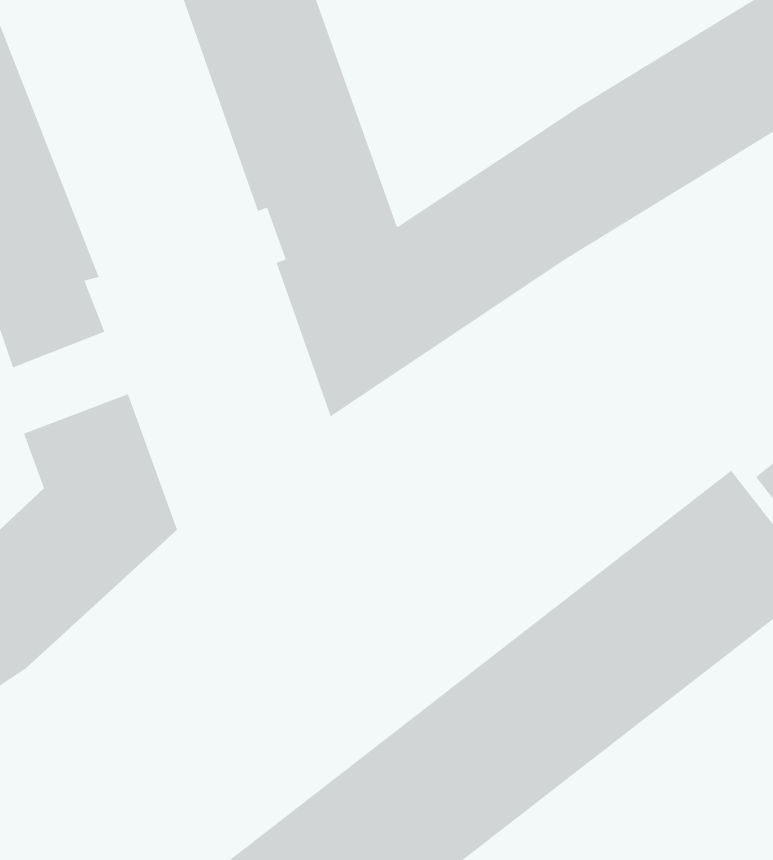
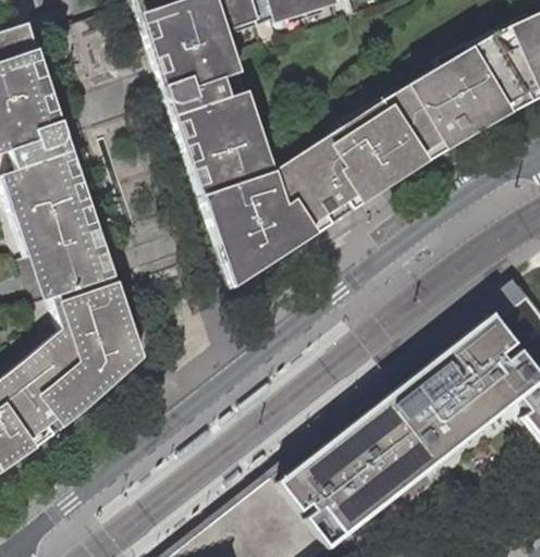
building: none -> [45,234,114,298]

